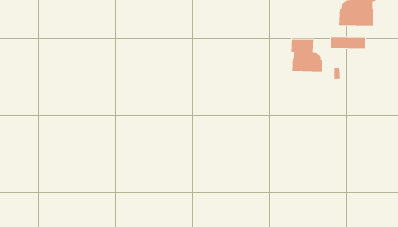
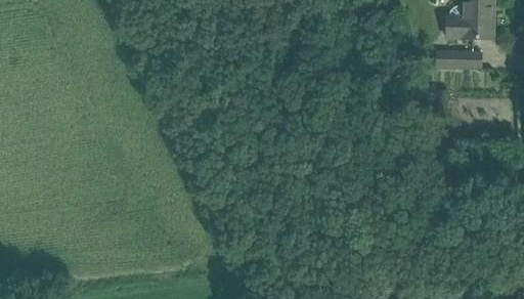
building: [291,39,323,73] -> none

